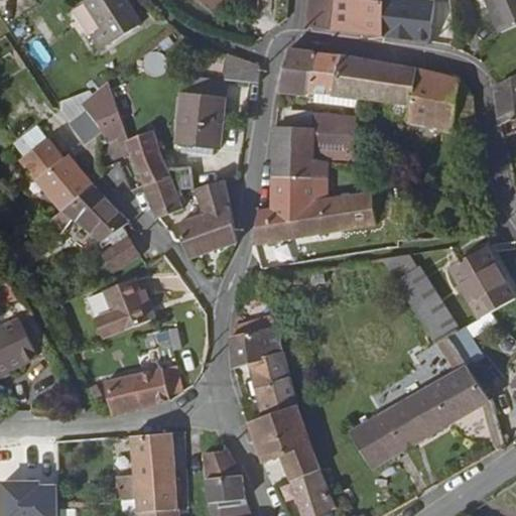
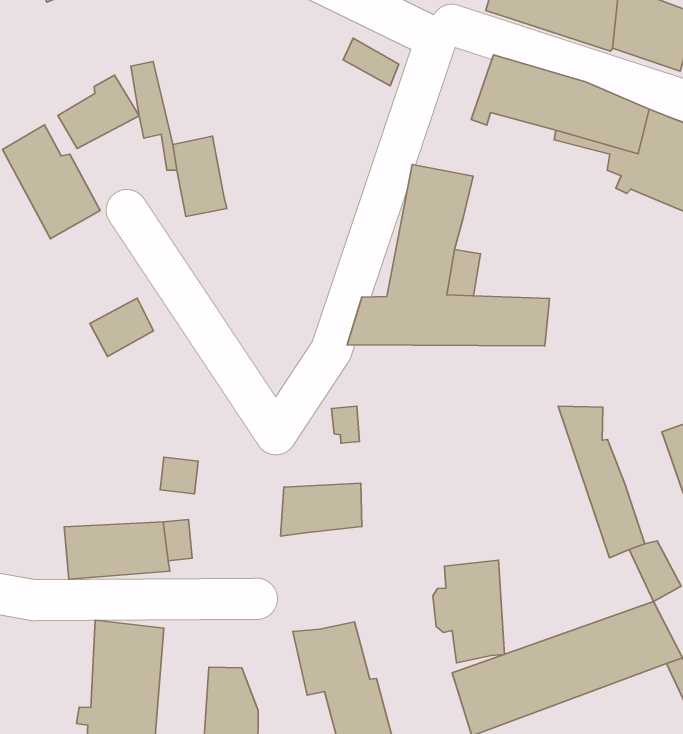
building: [277,51,313,94] -> none
building: [173,75,221,146] -> none
building: [311,113,357,157] -> none
building: [143,172,181,217] -> none
building: [176,180,236,257] -> none
building: [64,186,122,236] -> none
building: [83,279,148,341] -> none
building: [245,352,294,418] -> [433,560,505,663]

